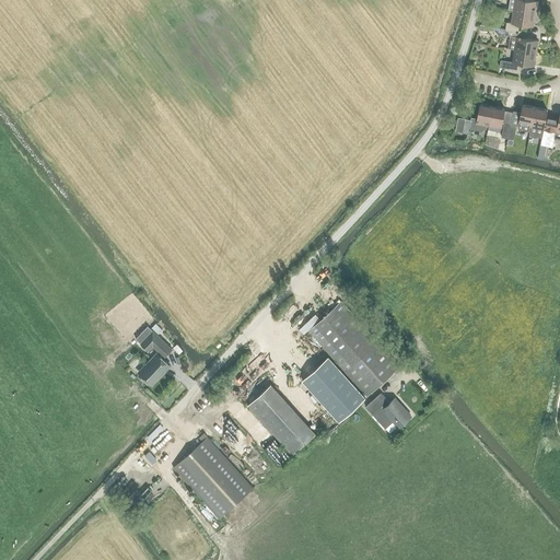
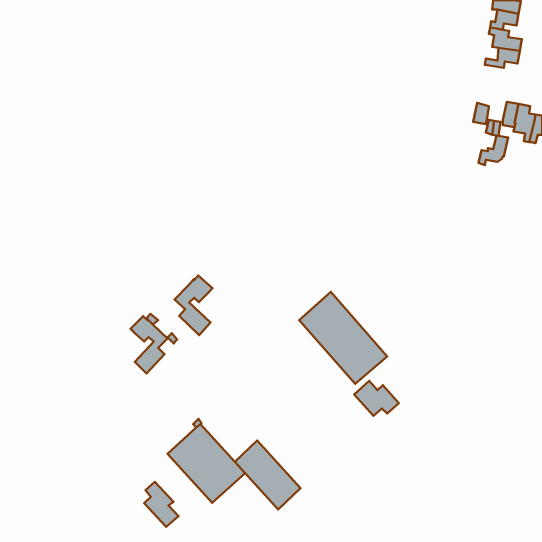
building: [462,104,492,135] -> [478,135,508,165]
building: none -> [175,276,212,335]
building: [302,357,365,421] -> none
building: [247,384,315,455] -> [235,441,301,510]
building: none -> [144,482,178,527]

